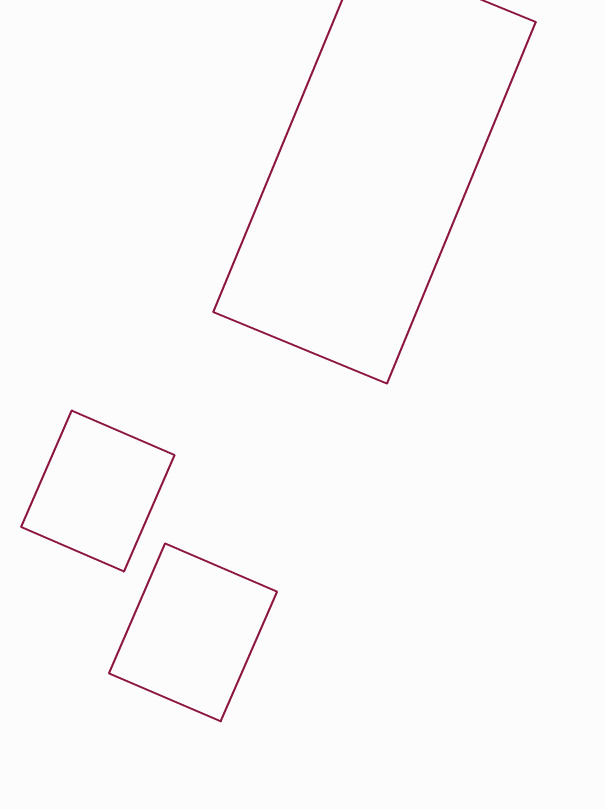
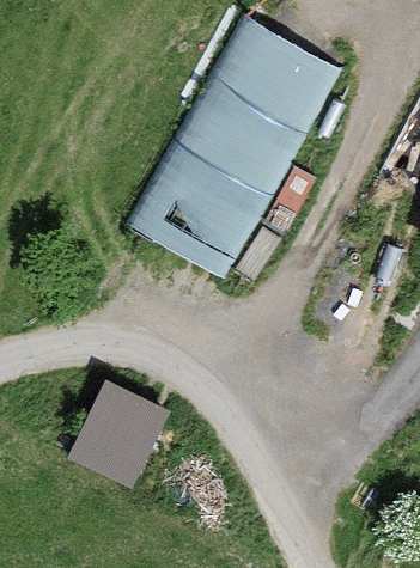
building: [21,410,174,572] -> none

